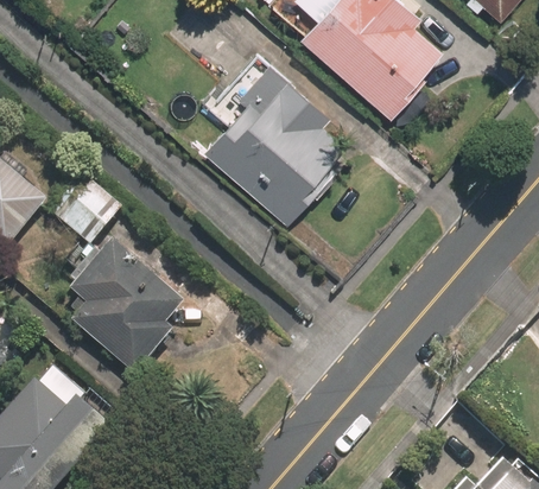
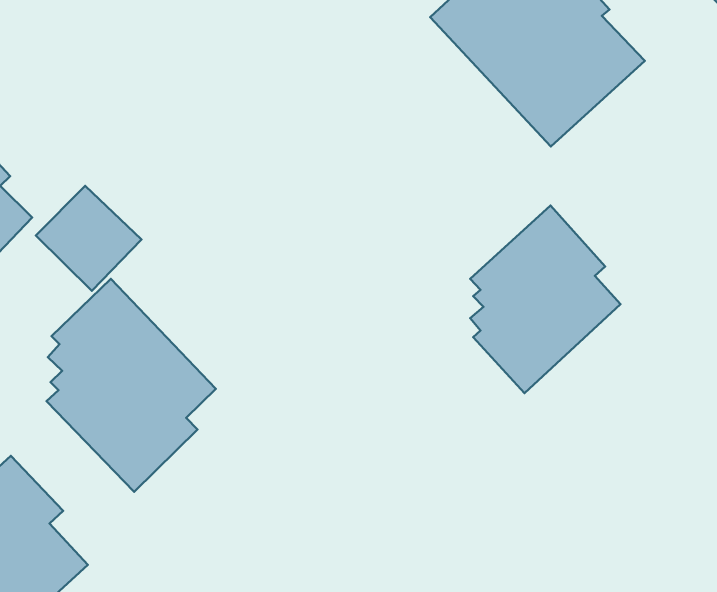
building: [201,51,344,224] -> none
building: none -> [470,205,621,393]

